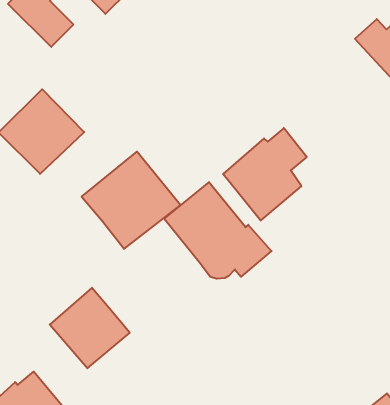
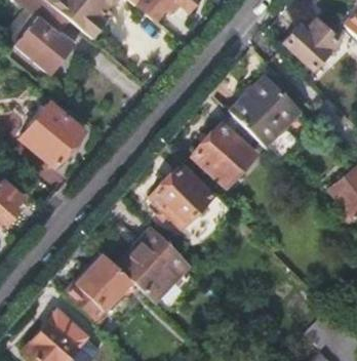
building: none -> [230,77,300,147]
building: [82,152,180,249] -> [114,227,190,302]

